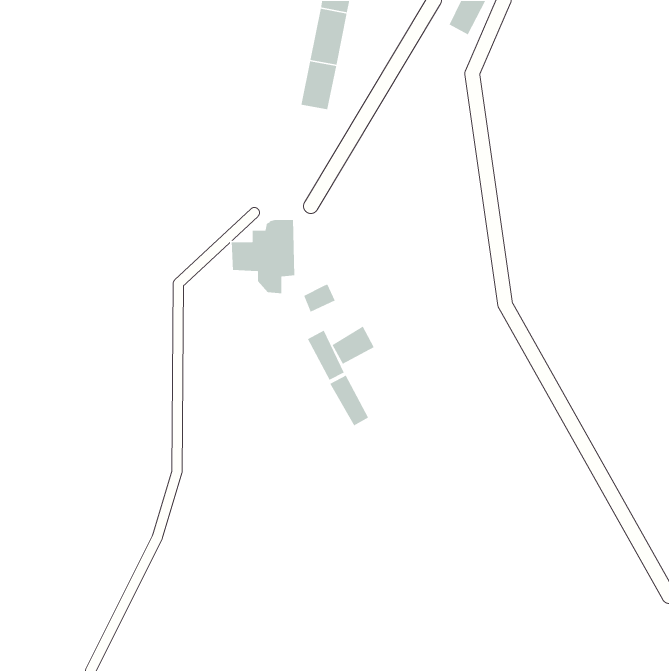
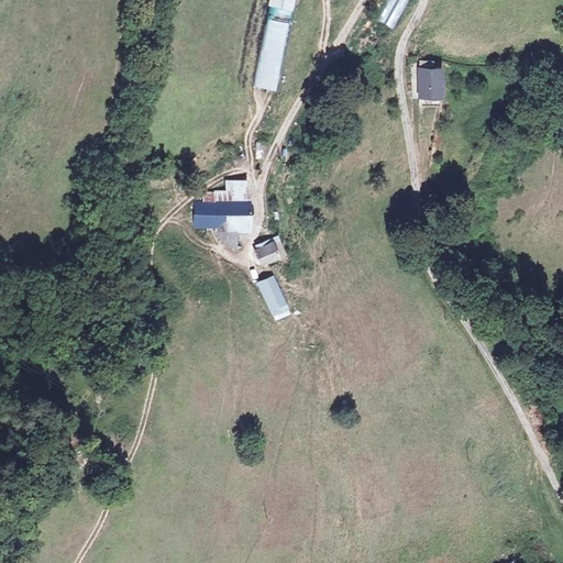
building: none -> [418,62,442,96]
building: [331,325,375,365] -> none
building: [329,374,369,426] -> none

